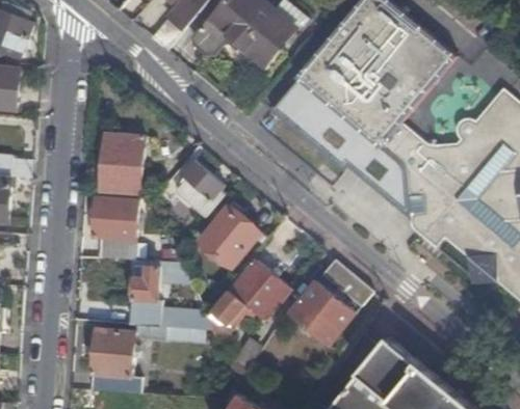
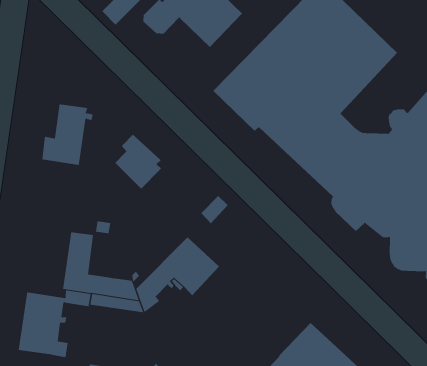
building: [92,197,135,261] -> none
building: [200,208,259,267] -> none
building: [290,260,372,344] -> none

